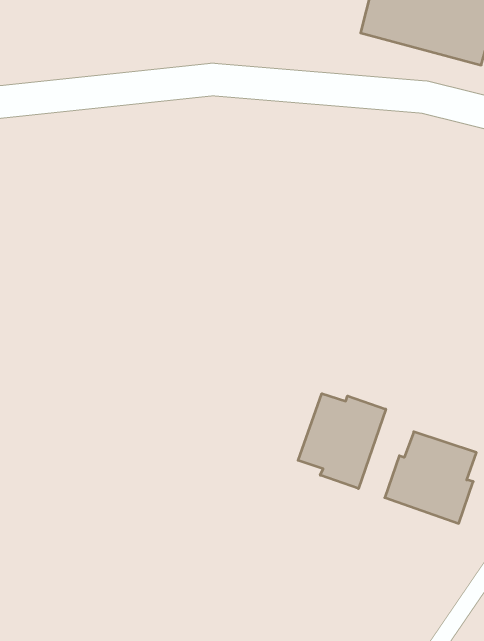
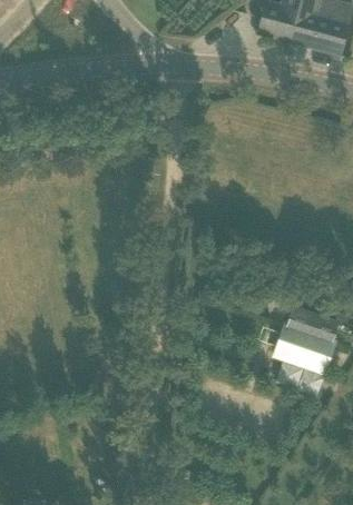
building: [298,394,386,489] -> none

